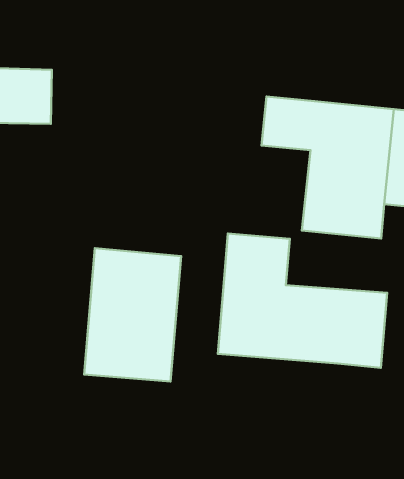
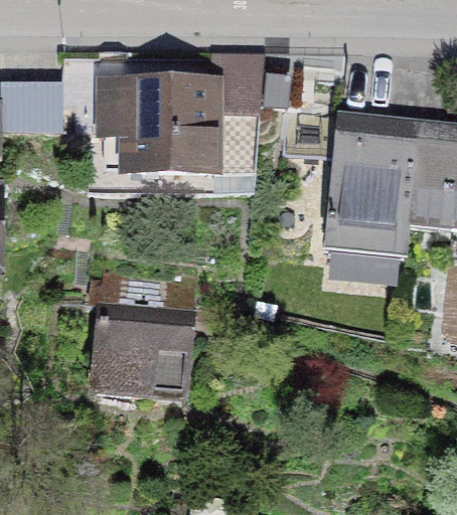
building: none -> [92,55,261,175]
building: [218,234,387,368] -> none

